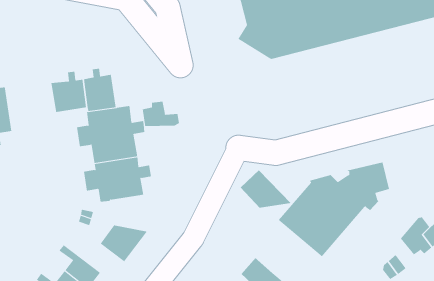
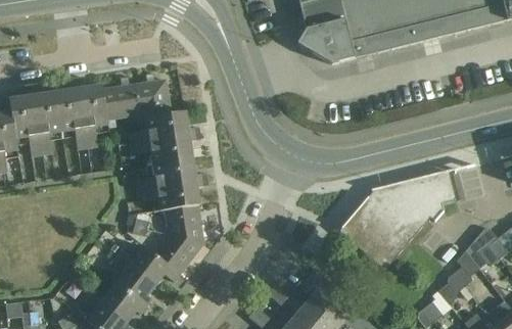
building: none -> [55,76,108,148]
building: [142,101,179,127] -> none
building: [240,169,292,208] -> none
building: none -> [165,204,203,242]
building: none -> [115,246,179,285]

